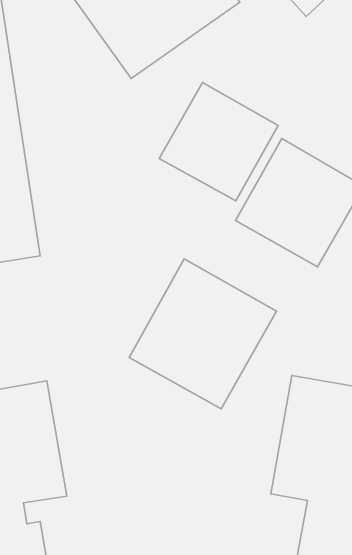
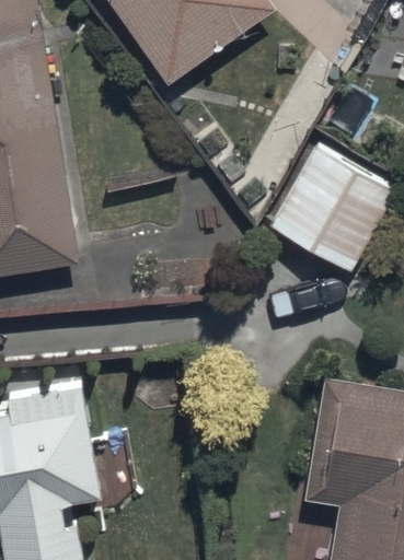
building: [159,82,278,201] -> none
building: [129,259,277,409] -> none

